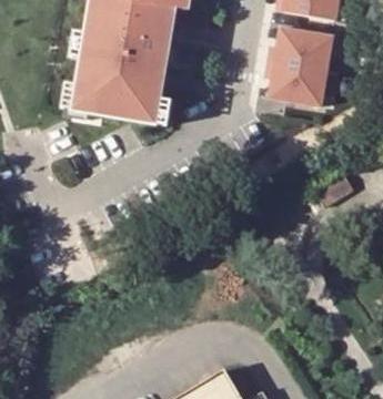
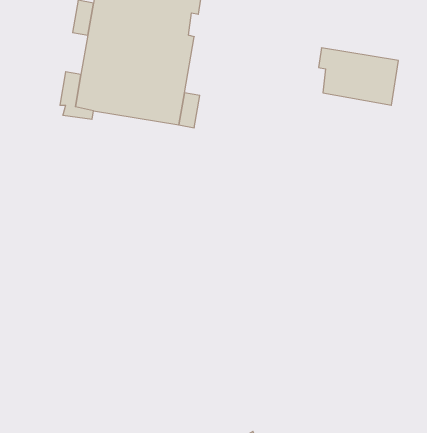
building: [270,29,336,72] -> none

